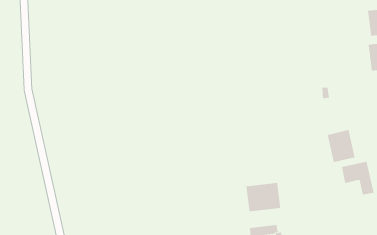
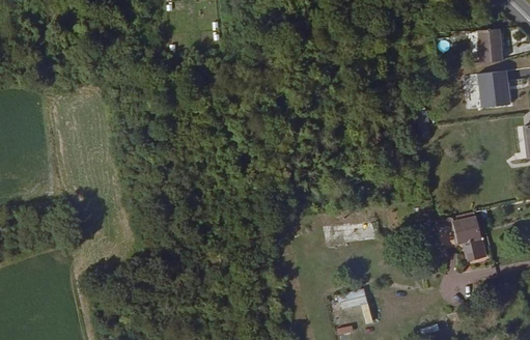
building: [327,129,355,163] -> none
building: [246,182,281,212] -> none

